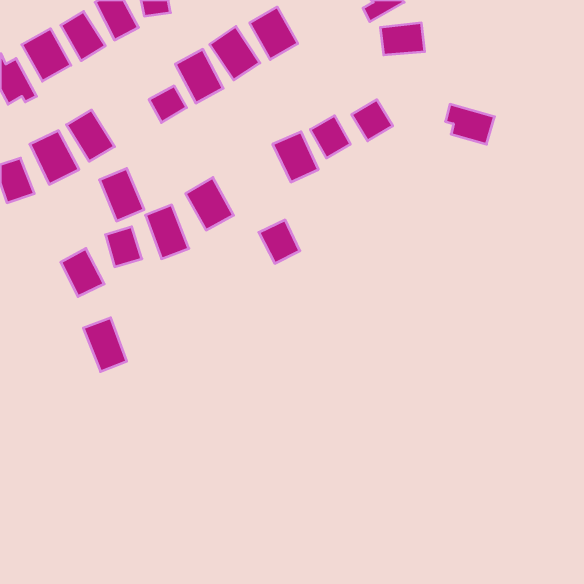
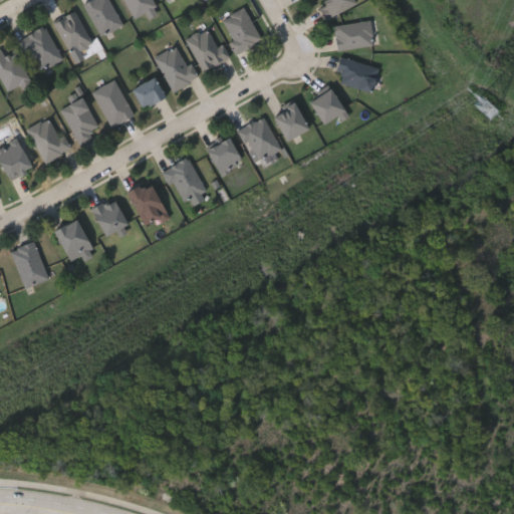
building: [445,104,495,144] -> [335,56,378,91]
building: [99,168,144,221] -> [93,80,133,126]
building: [259,220,300,263] -> [207,138,243,176]
building: [83,318,127,372] -> [10,241,48,288]

